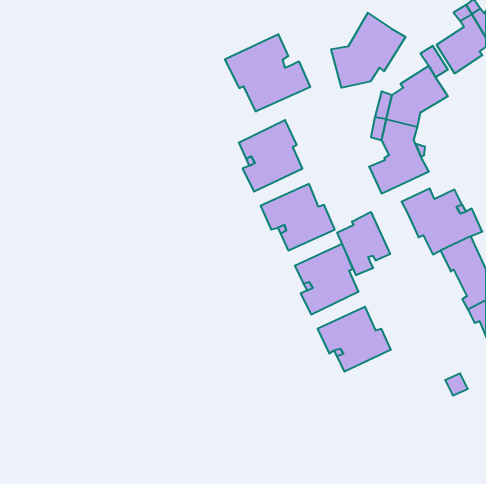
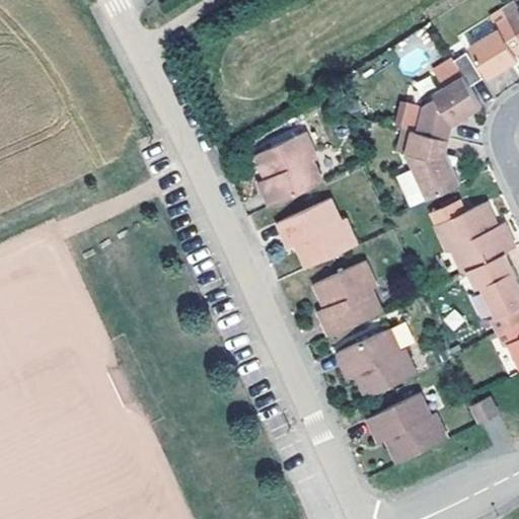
building: [331,13,405,88] -> none
building: [225,34,310,112] -> none
building: [337,212,390,275] -> none
building: none -> [369,395,448,463]

